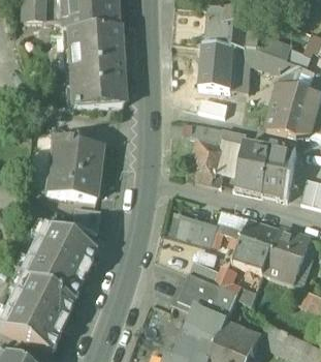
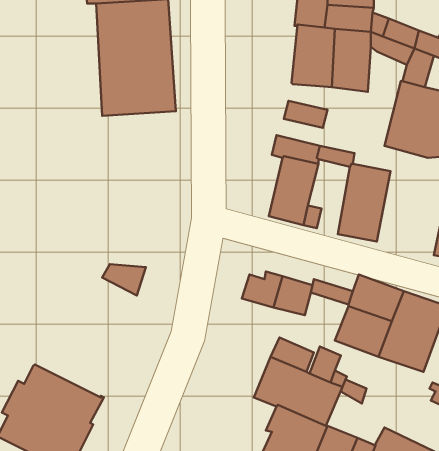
building: [44,139,101,198] -> none
building: [261,145,295,199] -> none
building: [21,227,94,301] -> none

